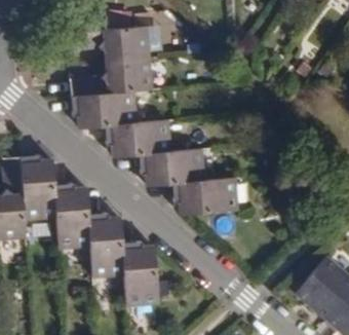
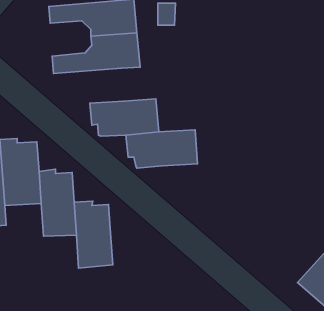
building: [69,91,134,126] -> none
building: [170,179,236,216] -> none
building: [122,245,156,305] -> none

